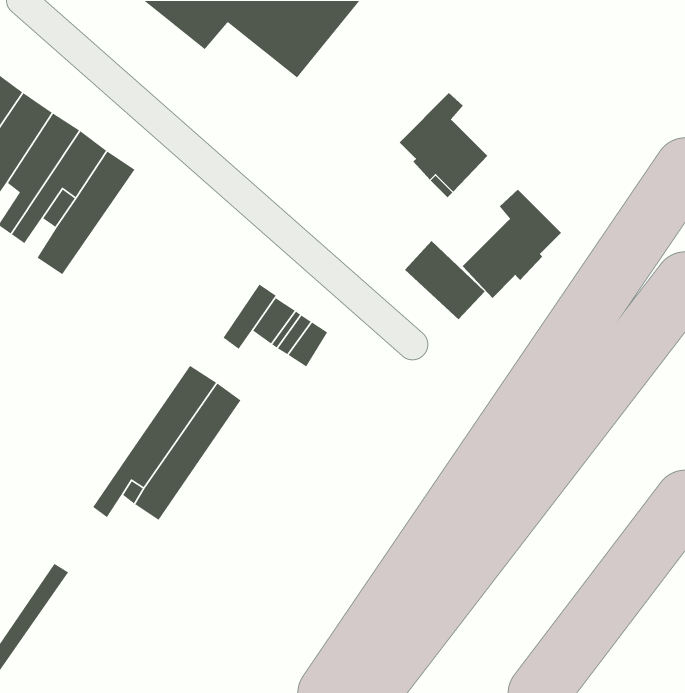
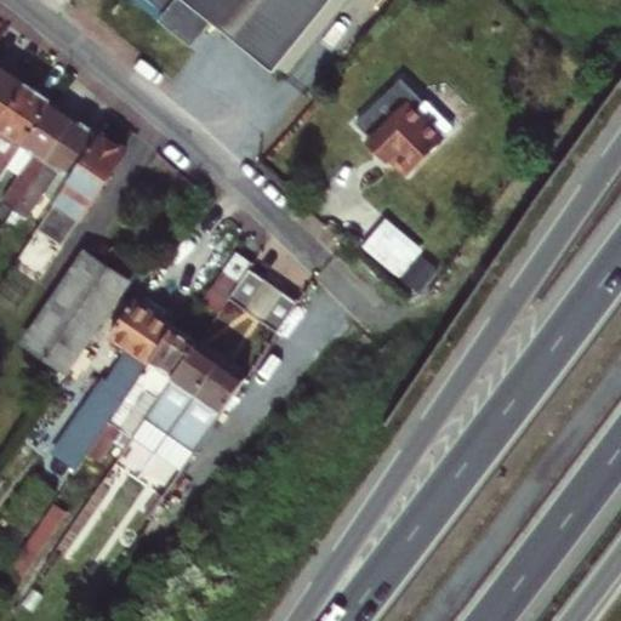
building: [462,189,562,299] -> none
building: none -> [22,246,141,376]
building: none -> [55,298,170,460]
building: none -> [142,358,243,484]

